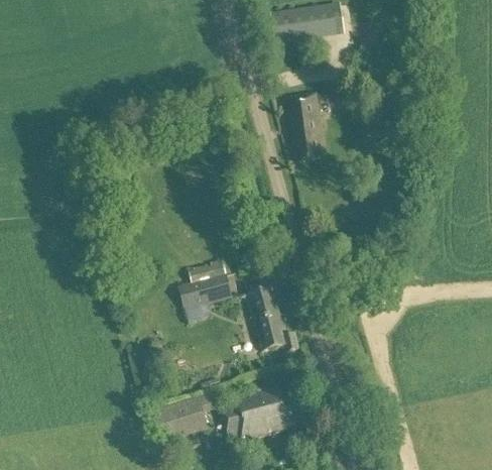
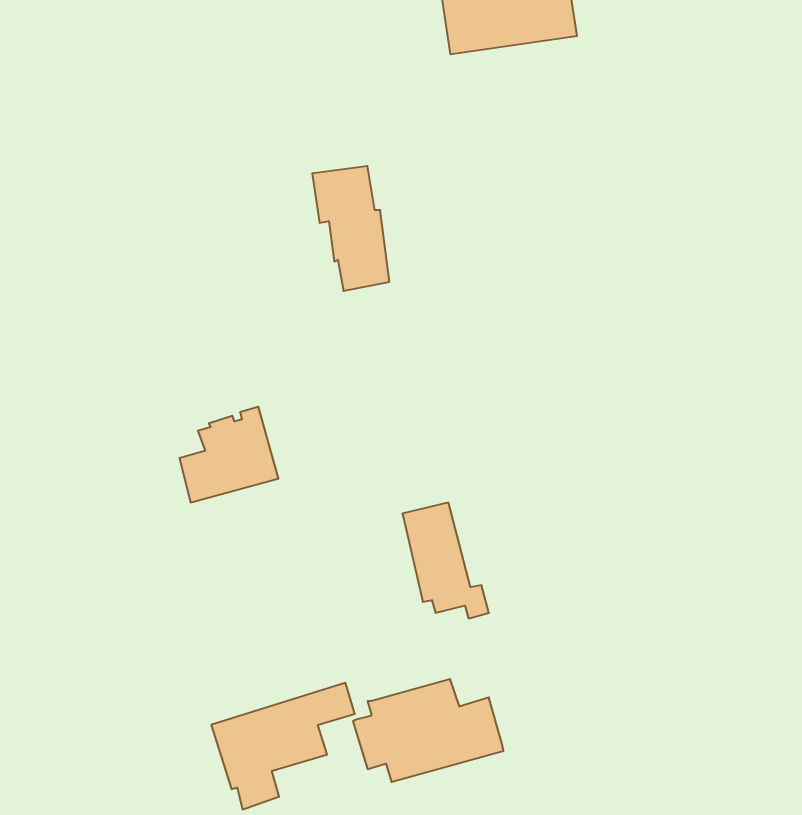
building: [285,94,328,162] -> [312,166,389,291]
building: [178,257,233,310] -> [179,407,279,502]

